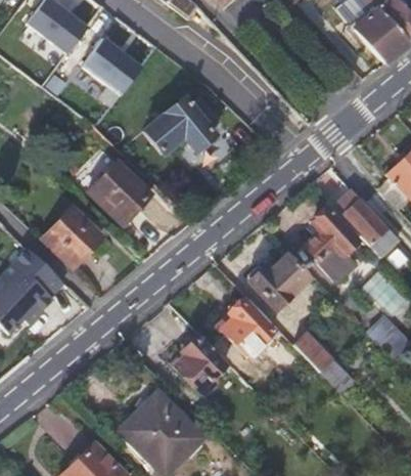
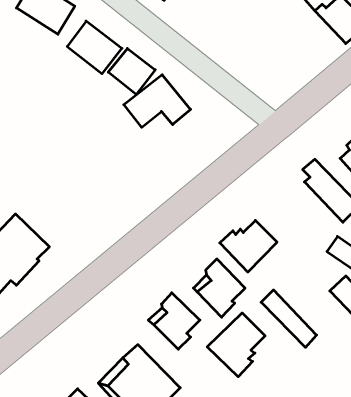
building: none -> [108,48,155,94]
building: [88,159,151,223] -> none
building: [43,205,104,267] -> none
building: [306,208,360,283] -> none
building: none -> [207,313,265,377]

